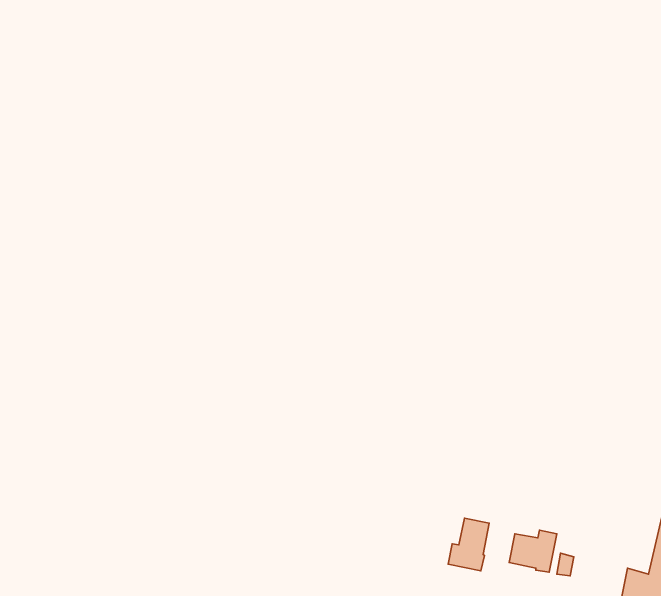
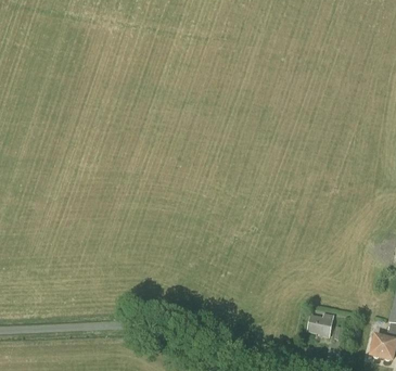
building: [448,518,489,571] -> none

